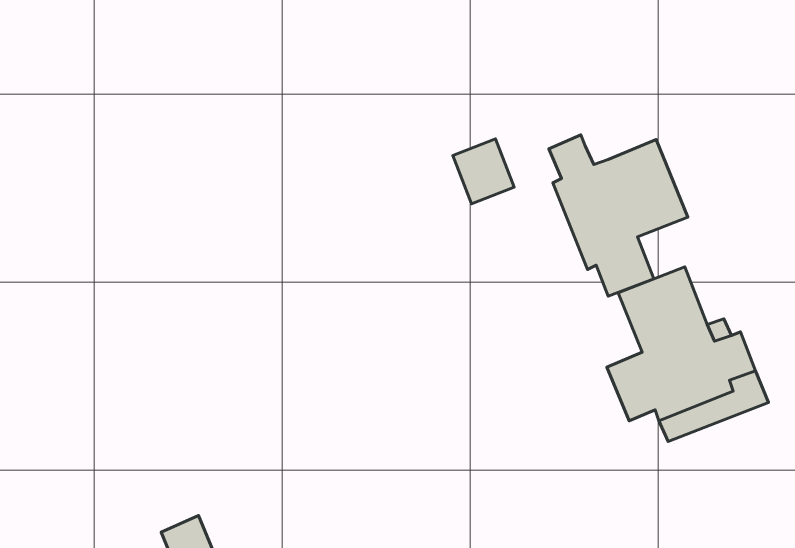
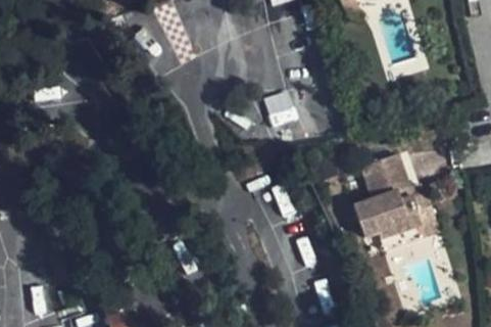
building: [549,135,688,296] -> none

